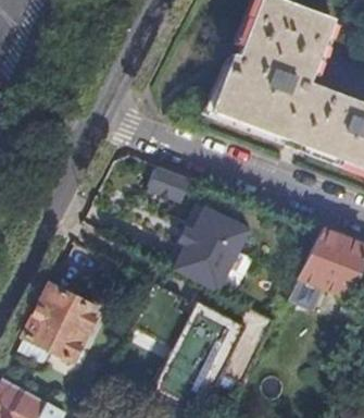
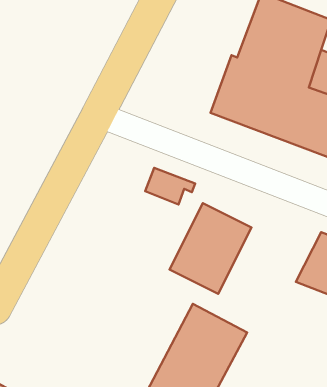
building: [23,286,98,361] -> none

